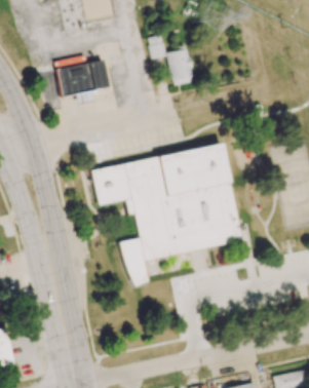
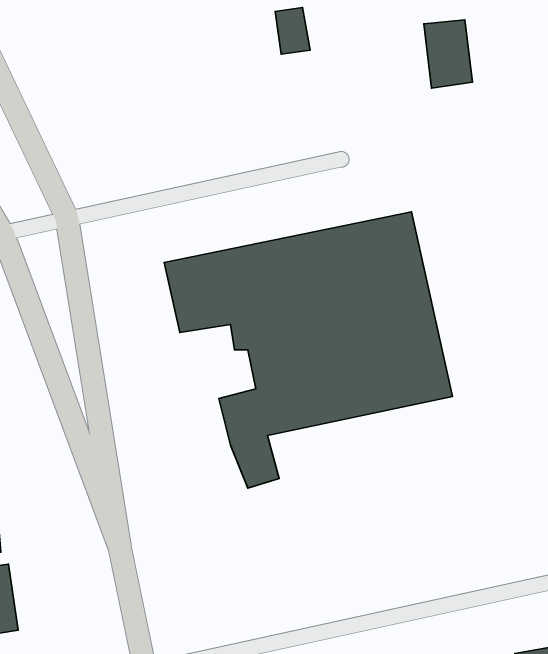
building: [168,49,194,85] -> [424,20,473,88]
building: [57,62,108,103] -> none

